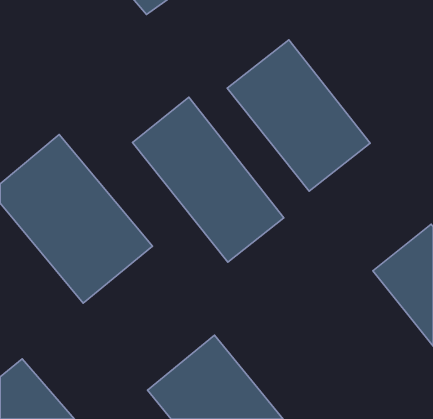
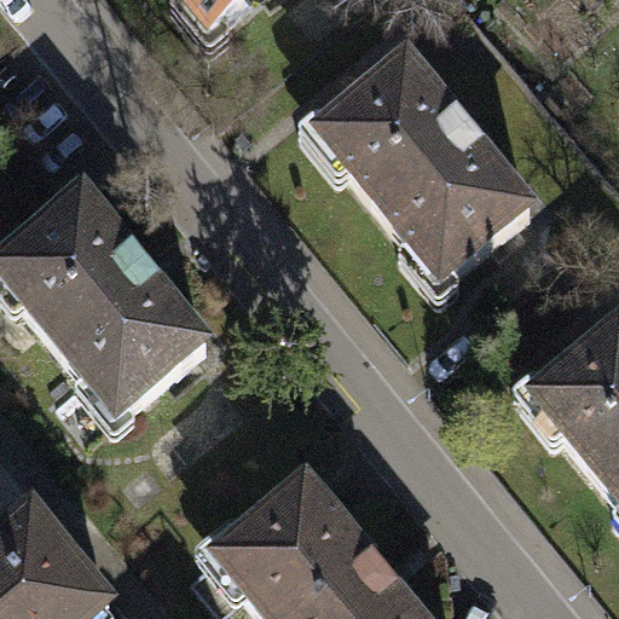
building: [132,97,284,262] -> none

